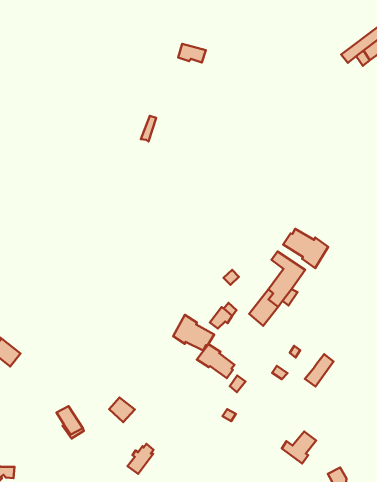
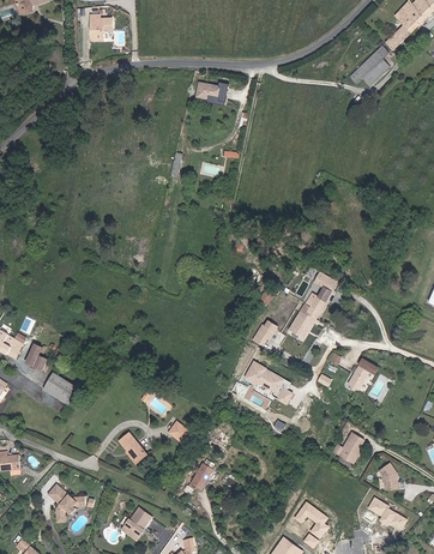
building: [283,229,328,268] -> none
building: [173,315,214,350] -> none

